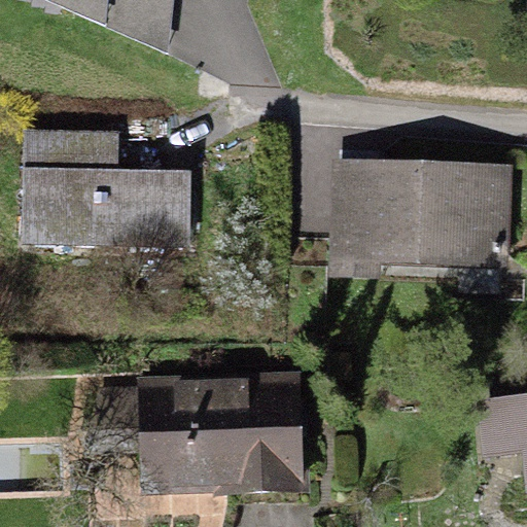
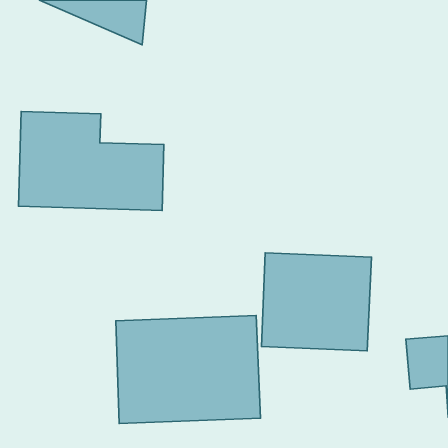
building: [329,160,512,279] -> none
building: none -> [261,253,372,351]

